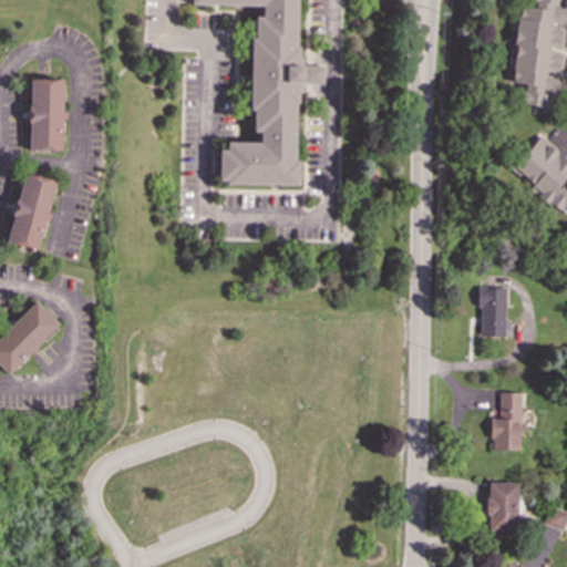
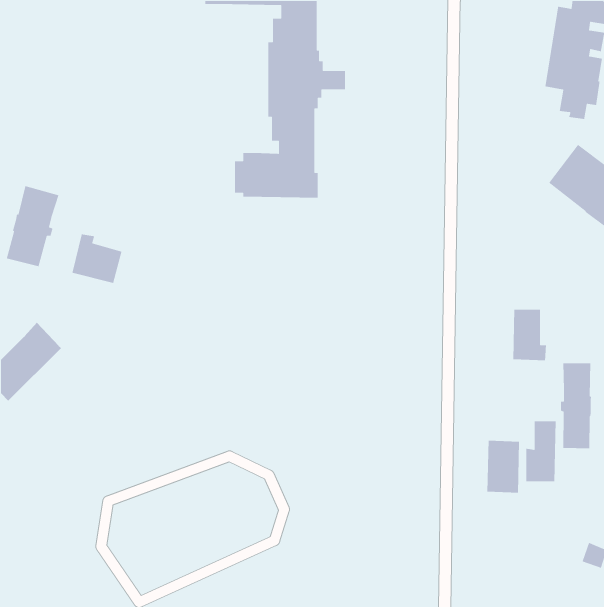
building: [30,79,68,151] -> none
building: none -> [72,233,123,284]
building: none -> [560,362,592,449]
building: [488,482,519,532] -> [487,440,520,493]

